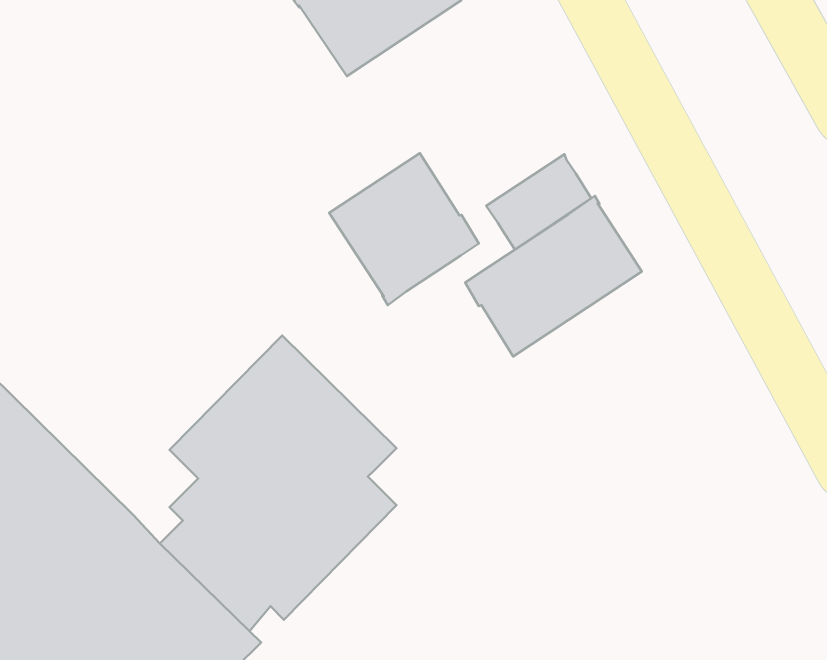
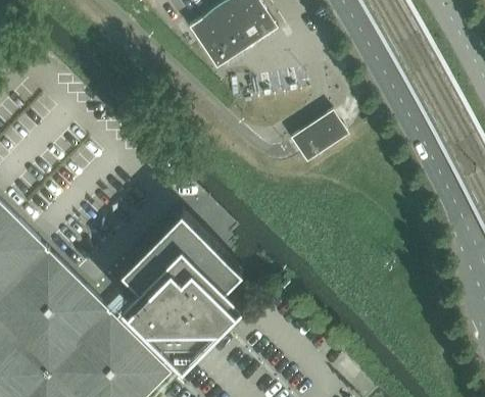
building: [329,153,479,305] -> none
building: [465,196,642,356] -> none

